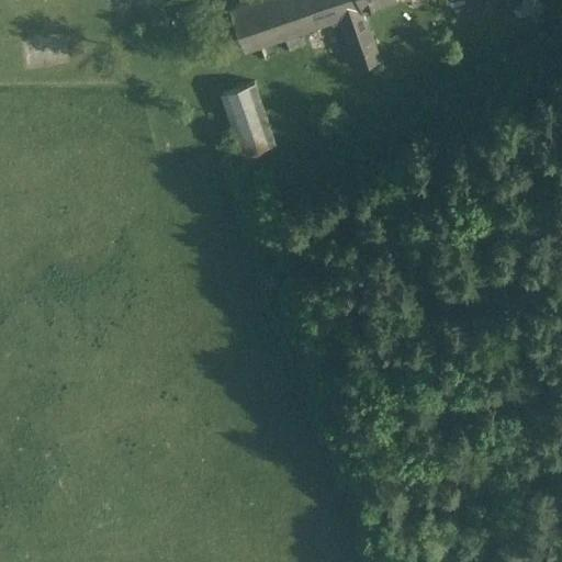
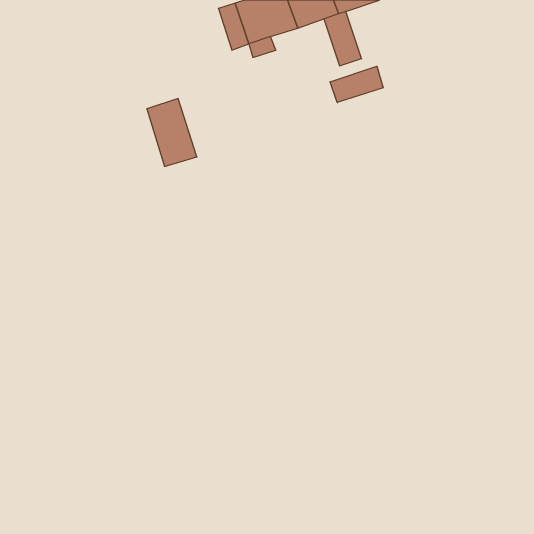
building: none -> [330,66,383,103]
building: [221,85,273,156] -> [147,98,197,166]

